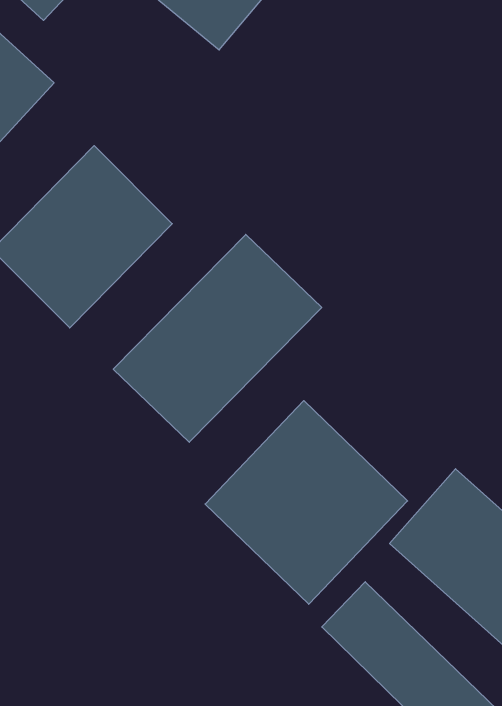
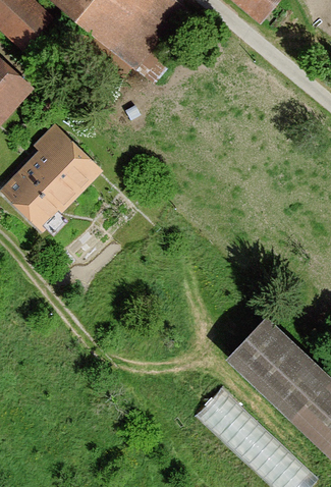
building: [113,234,322,442] -> none
building: [205,401,408,604] -> none

